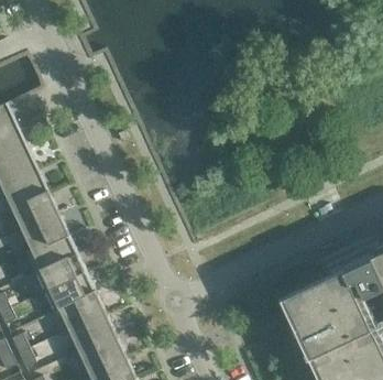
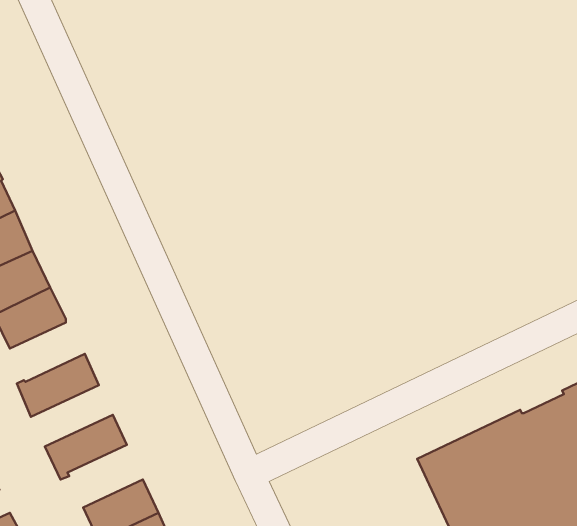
building: [22,211,69,251] -> none
building: [35,253,87,292] -> none
building: [58,291,106,330] -> none

